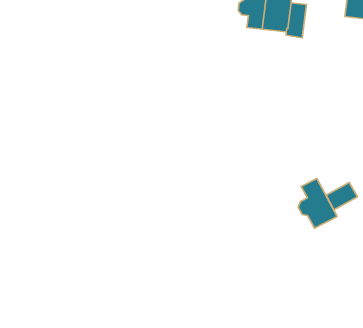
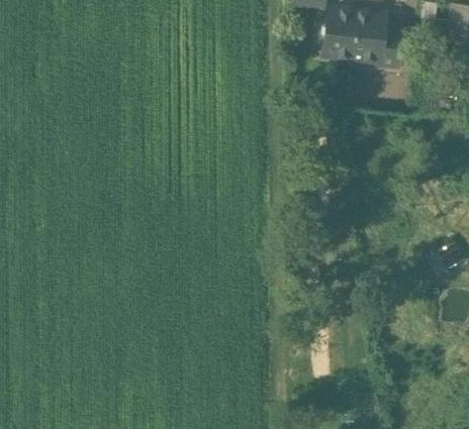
building: [298,178,337,228] -> none

